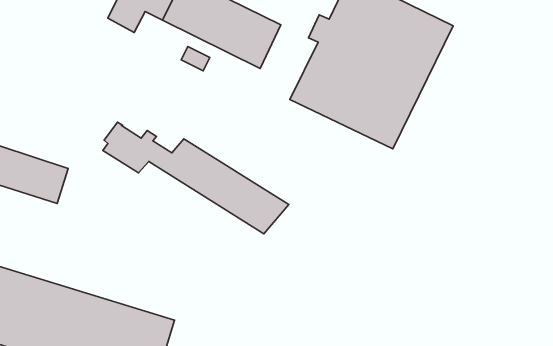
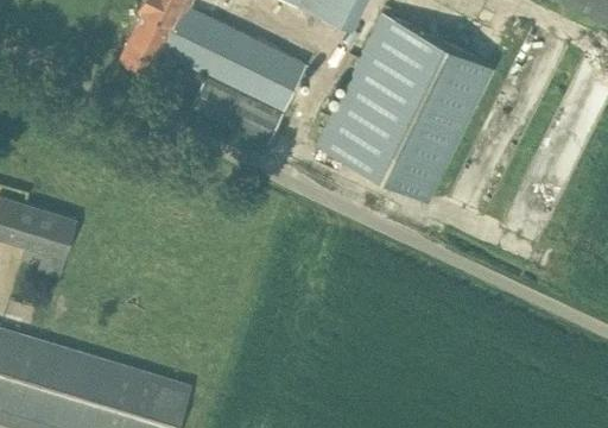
building: none -> [222,92,283,144]
building: [103,122,289,234] -> none

